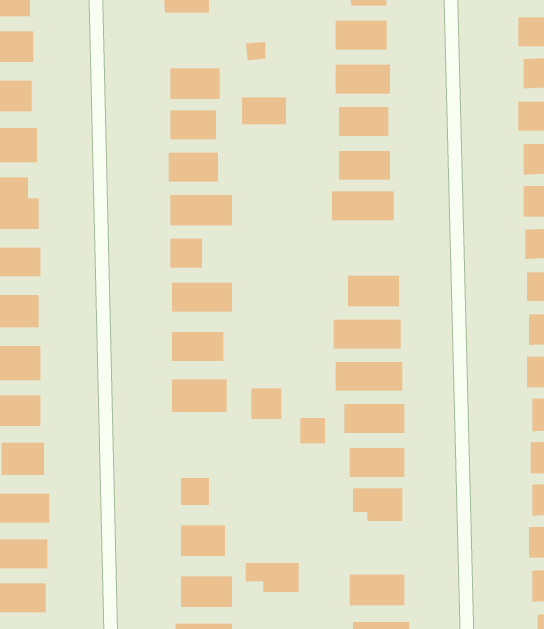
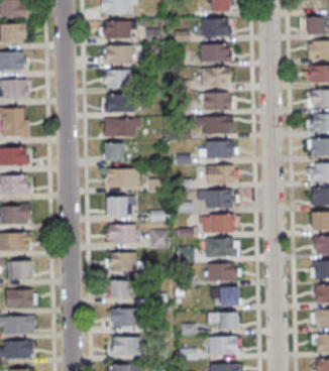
building: [241,97,287,125] -> [105,23,131,39]
building: none -> [200,141,238,158]
building: none -> [110,253,142,272]
building: [245,562,299,592] -> [208,313,239,330]

